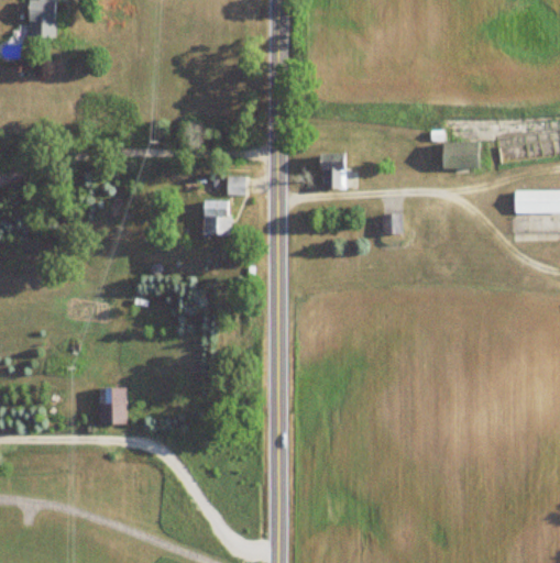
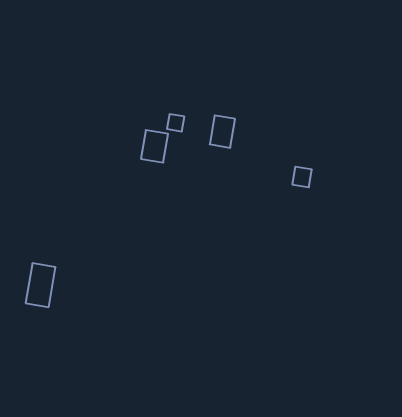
building: [443,142,480,168] -> none
building: [321,154,345,188] -> [210,115,235,148]

